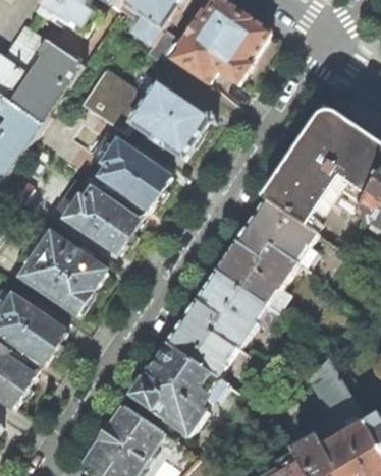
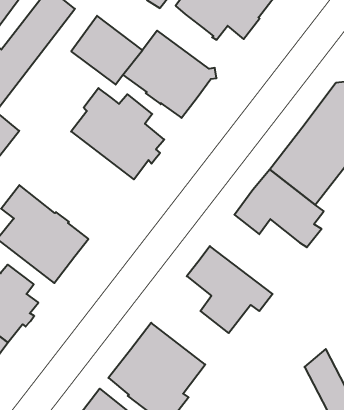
building: [54,175,143,251] -> none
building: [215,241,295,310] -> none
building: [166,299,244,377] -> none

